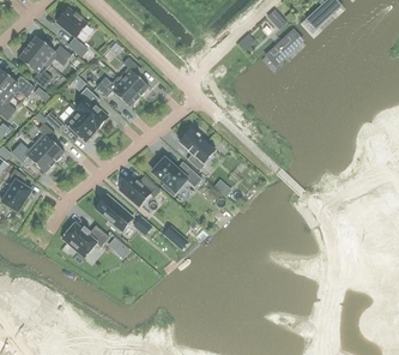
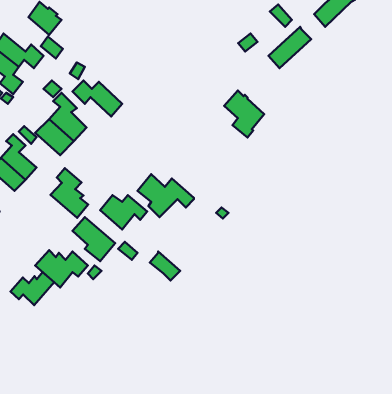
building: [117,56,147,96] -> none
building: [179,128,213,169] -> [224,91,264,137]
building: none -> [50,168,88,218]
building: none -> [10,272,54,305]

